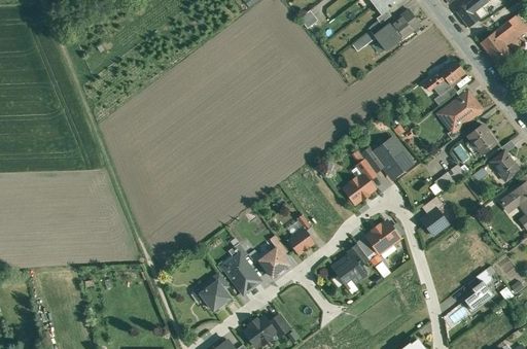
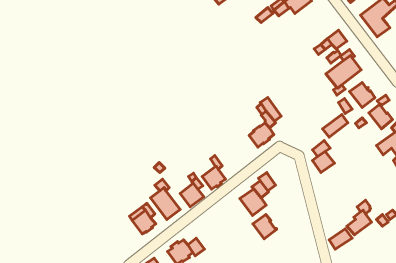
building: [377,137,411,176] -> none
building: [366,220,396,252] -> none
building: none -> [253,215,277,239]

